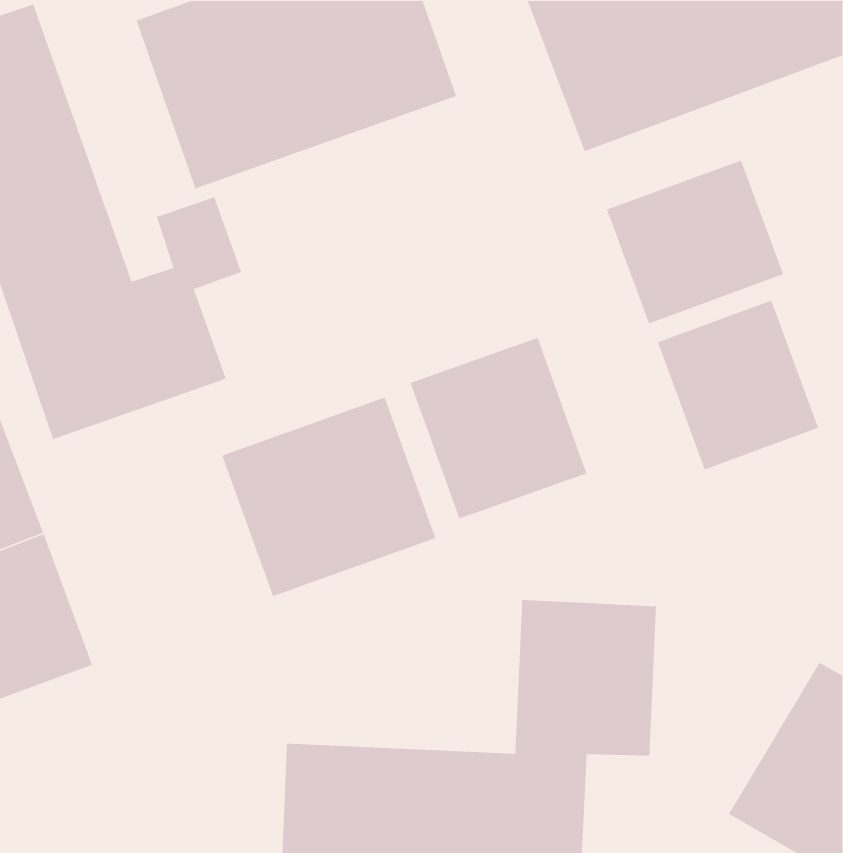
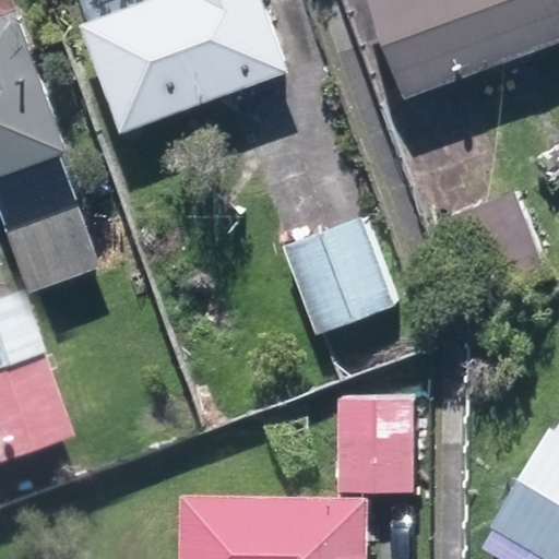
building: [606,159,784,325] -> none
building: [221,396,436,597] -> none

